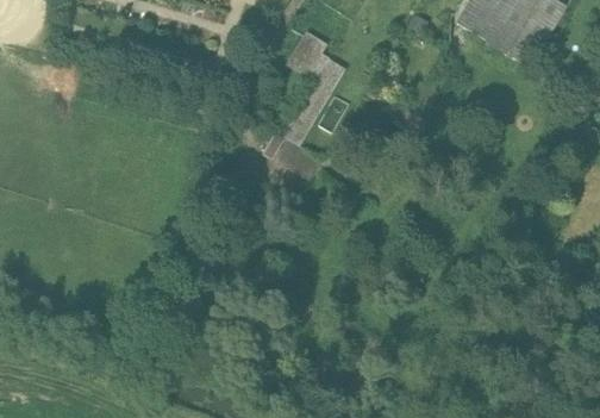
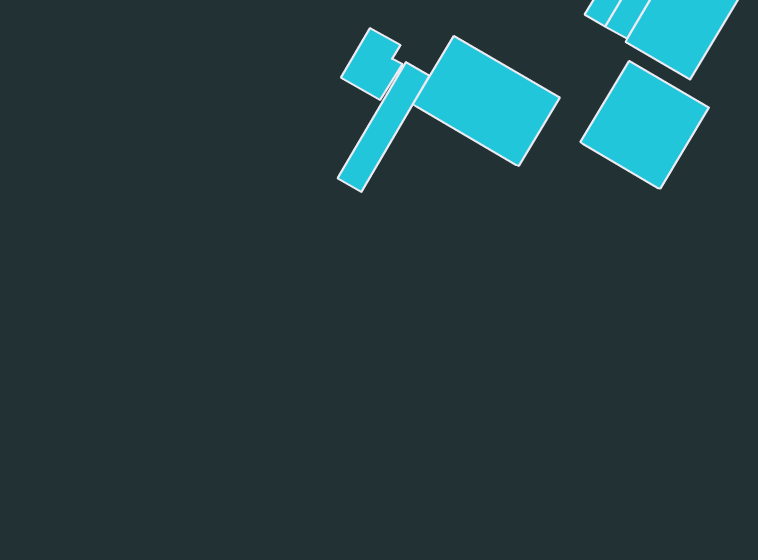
building: none -> [413,36,560,166]
building: none -> [580,61,709,189]

